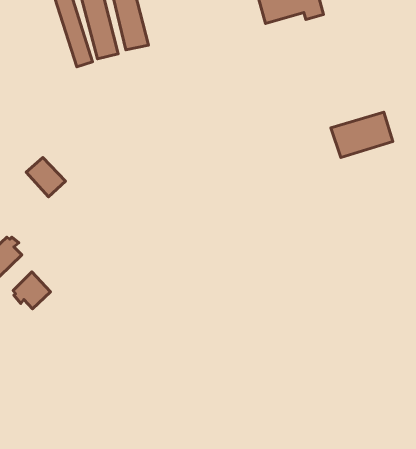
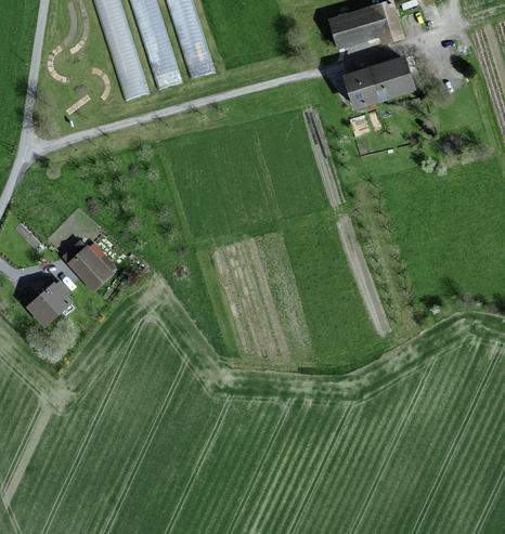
building: [331,112,393,157] -> [345,57,413,107]
building: [26,157,65,197] -> [68,246,112,289]
building: [13,272,50,309] -> none

